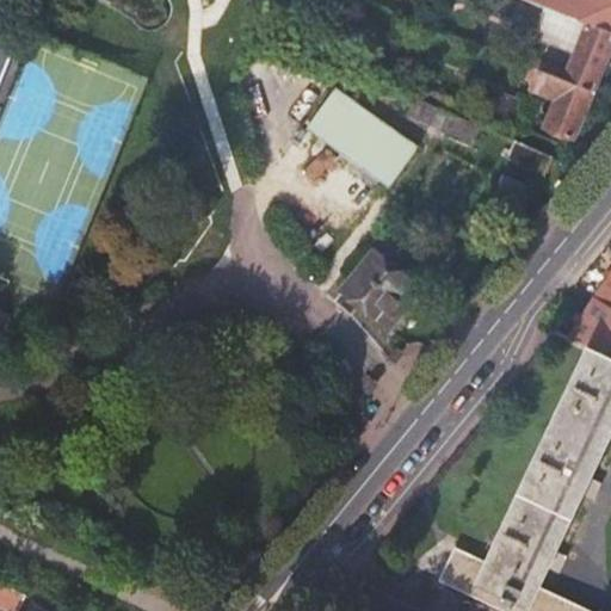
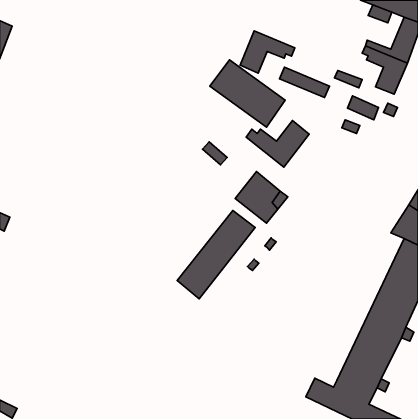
building: none -> [240,31,295,73]
building: none -> [246,121,309,167]
building: none -> [177,211,255,299]

